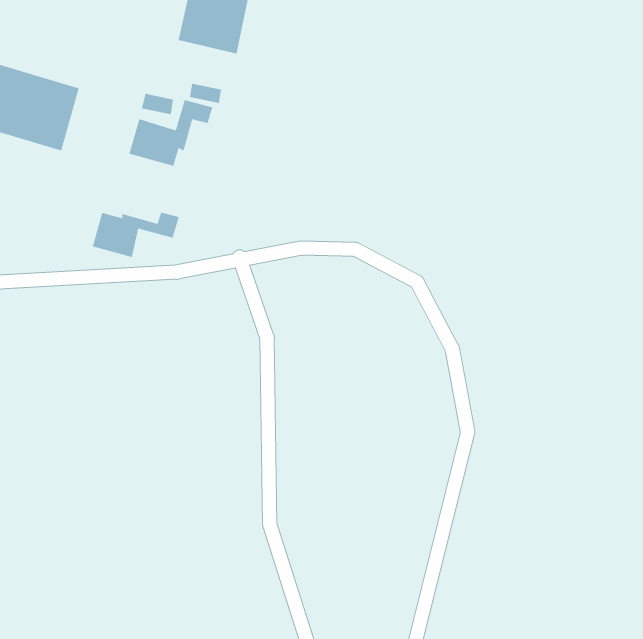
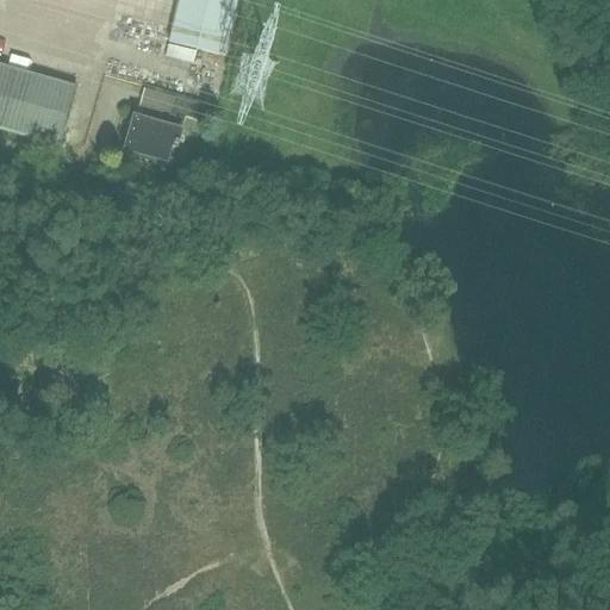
building: [92,212,180,258] -> none

